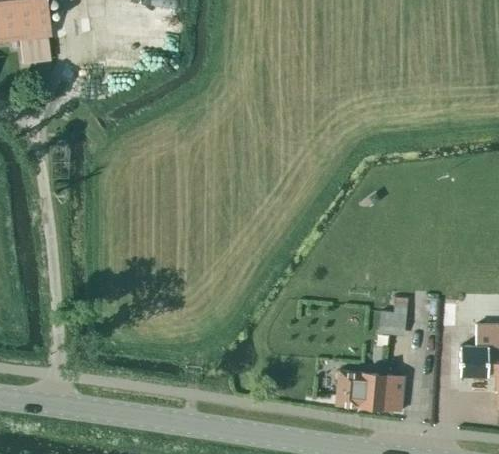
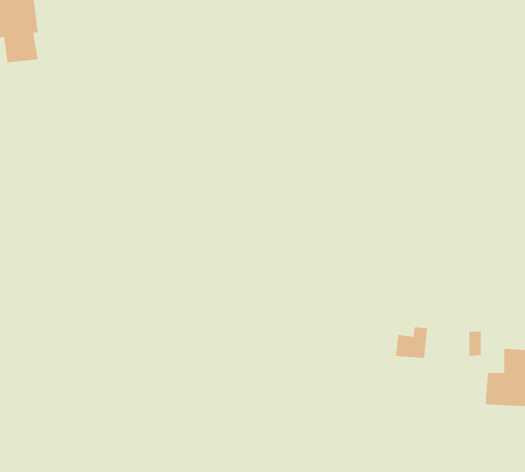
building: [335,370,403,411] -> none

